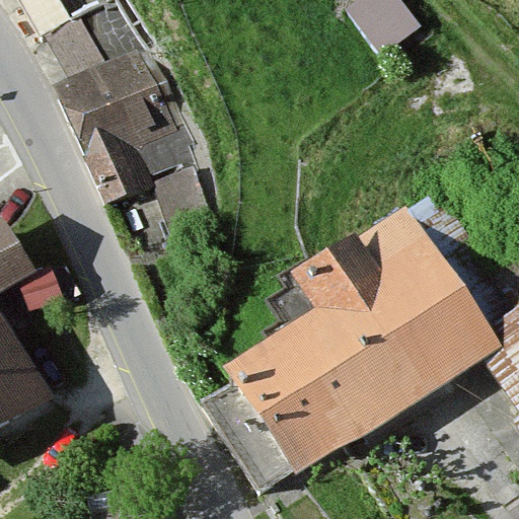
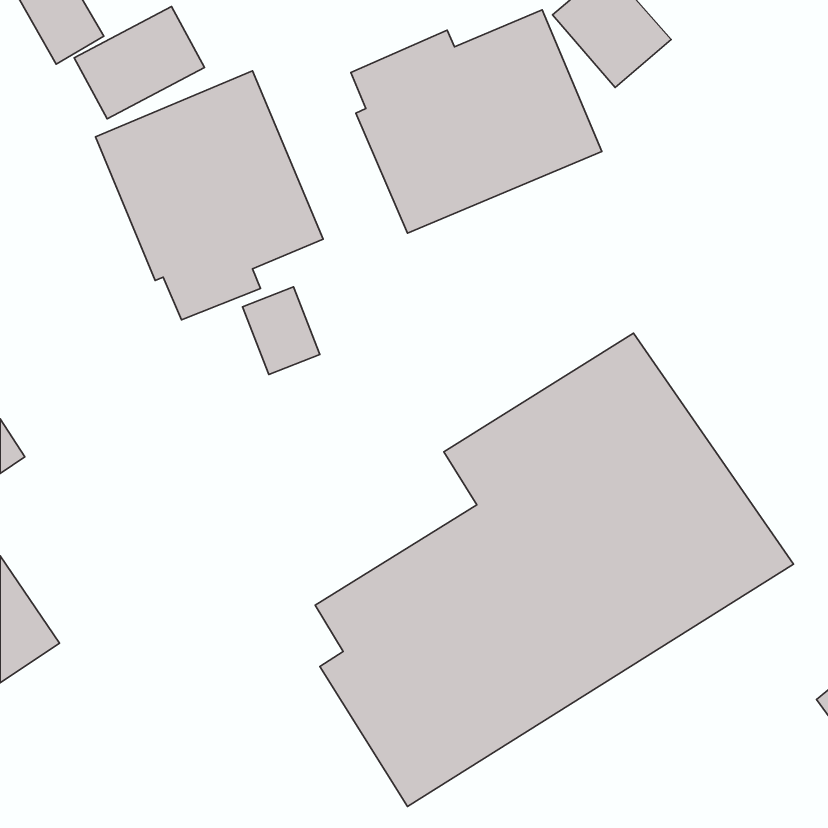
building: none -> [351,10,602,233]

